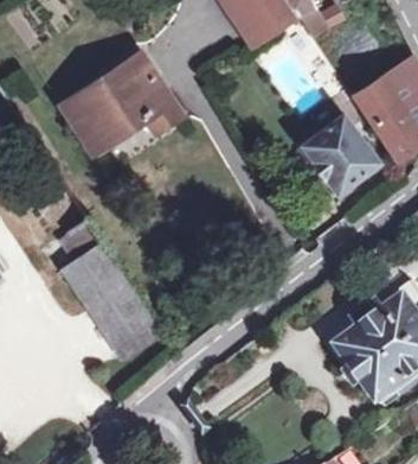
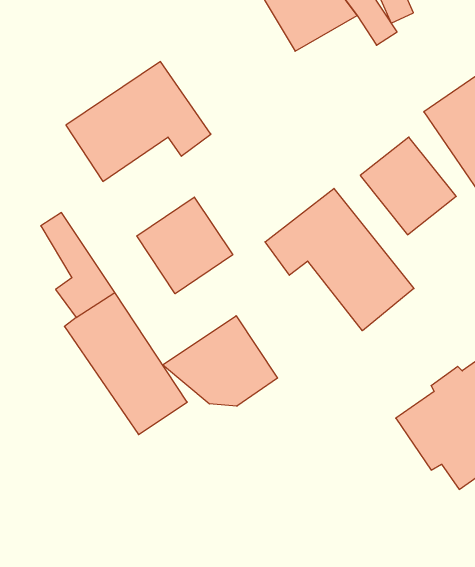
building: none -> [265,188,414,331]
building: none -> [137,197,233,294]
building: none -> [163,316,278,406]

